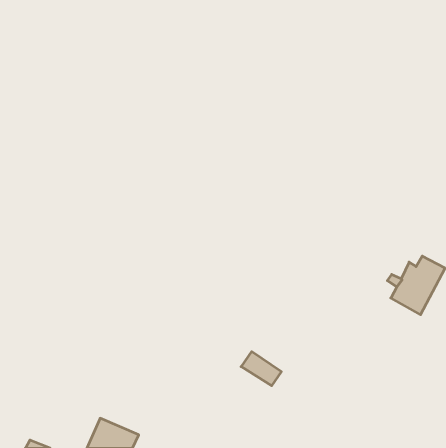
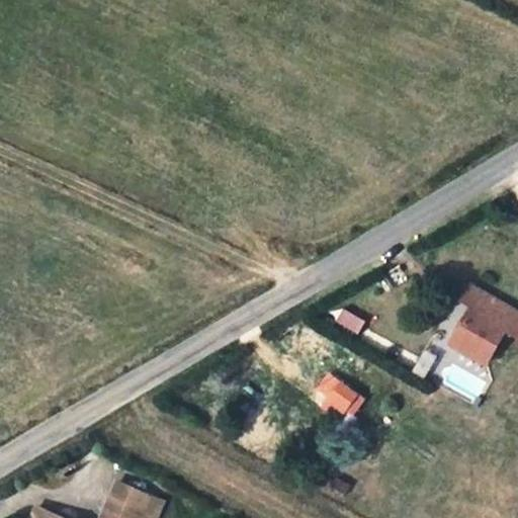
building: [241,352,281,386] -> [317,374,363,414]

